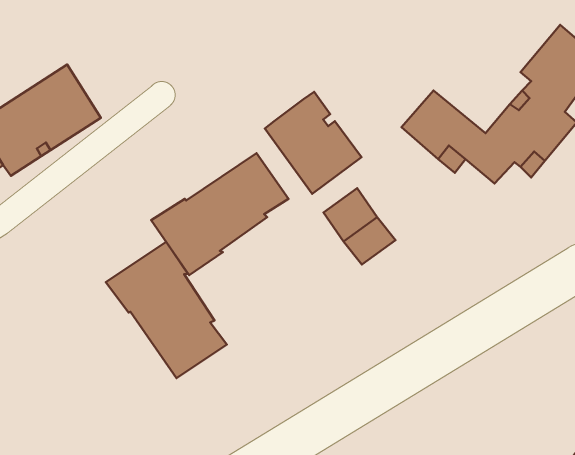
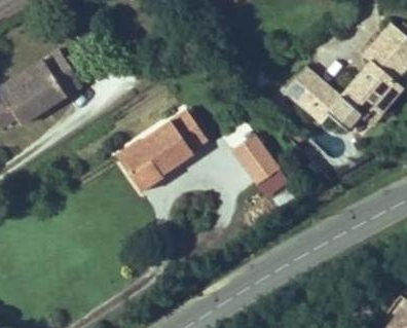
building: [265,92,362,194] -> none
building: [106,242,227,378] -> none

